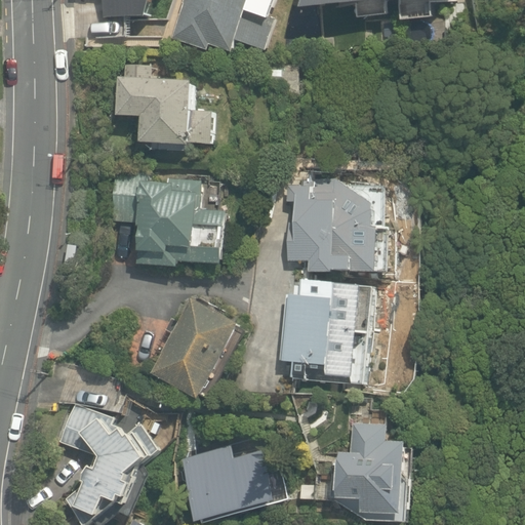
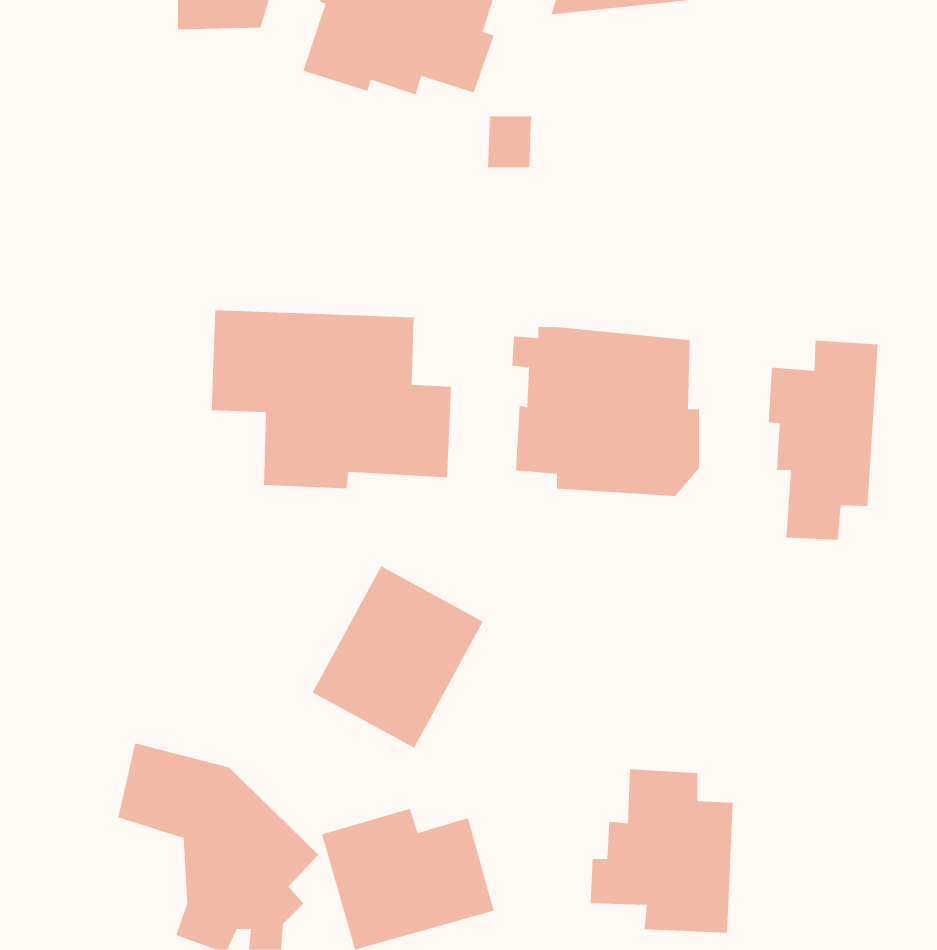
building: [115,78,192,144] -> none
building: none -> [768,340,878,541]
building: [275,278,367,382] -> none

